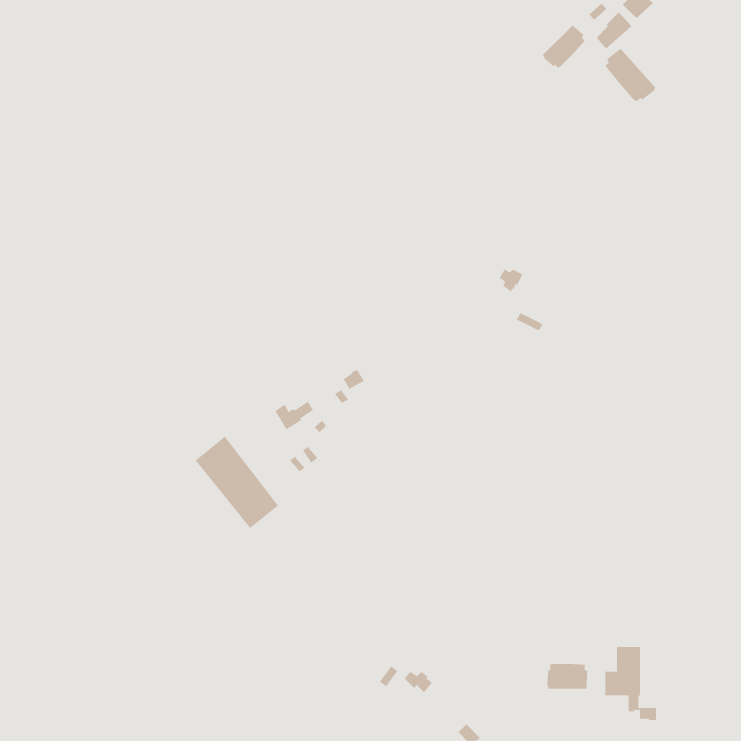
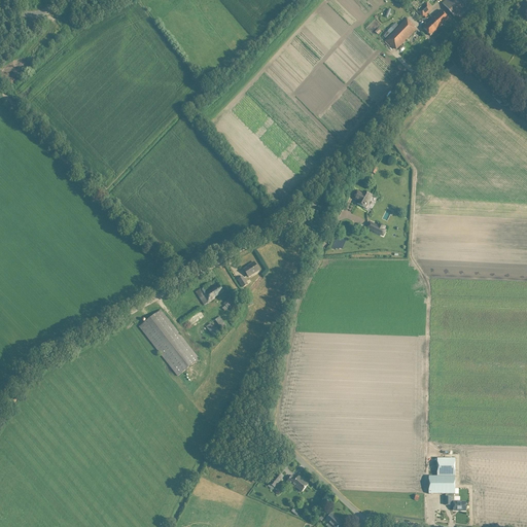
building: [604,48,656,102] -> none
building: [547,663,588,690] -> none

